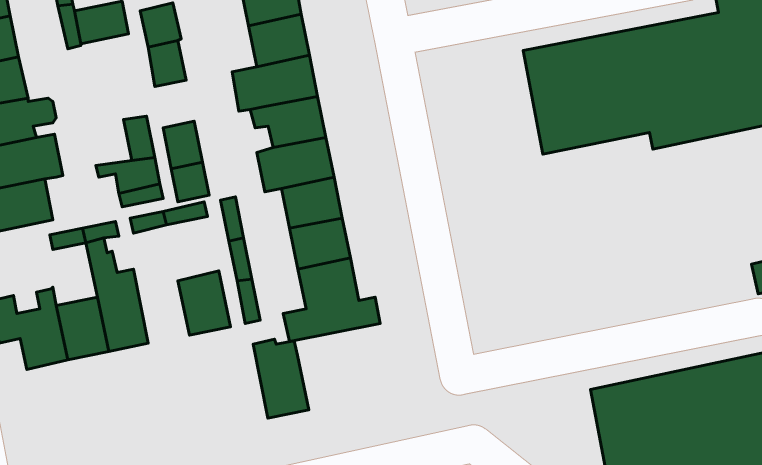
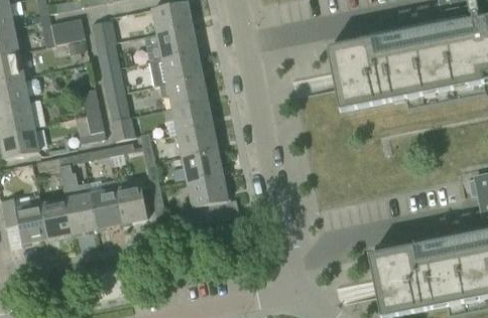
building: none -> [101,65,125,95]
building: [253,339,309,418] -> [88,178,122,226]

